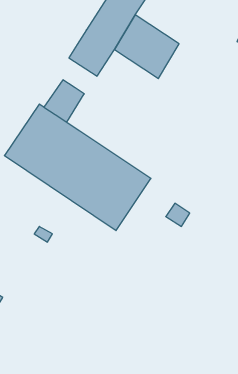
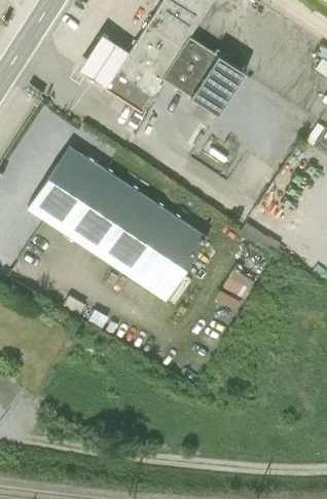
building: [44,80,84,122] -> [78,36,129,88]

